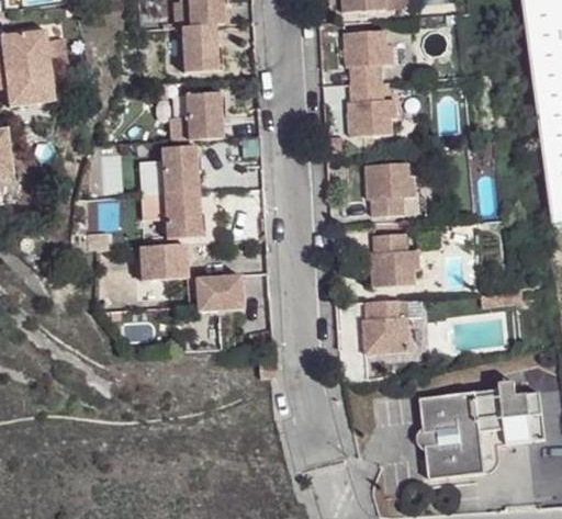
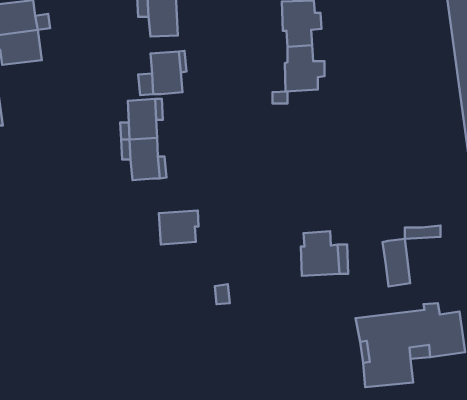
building: [360,161,411,215] -> none
building: [366,233,417,284] -> none
building: [139,244,191,282] -> none
building: none -> [382,239,410,286]

